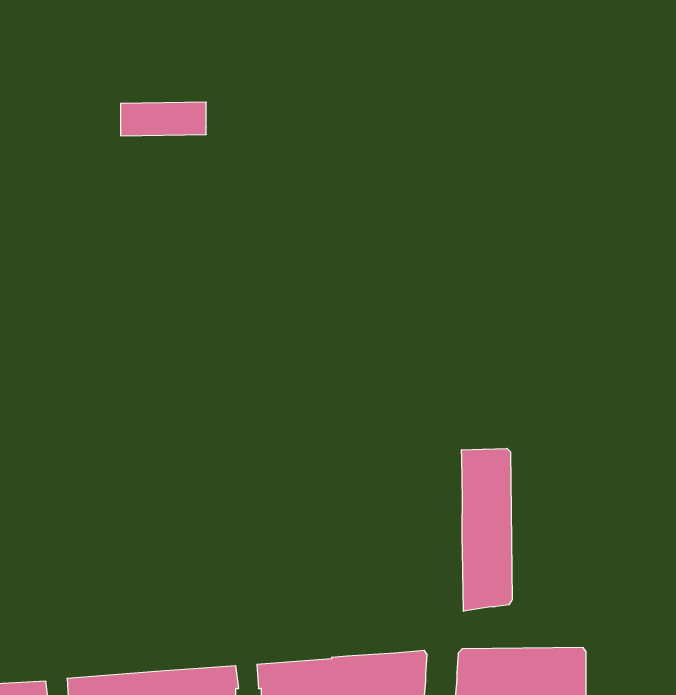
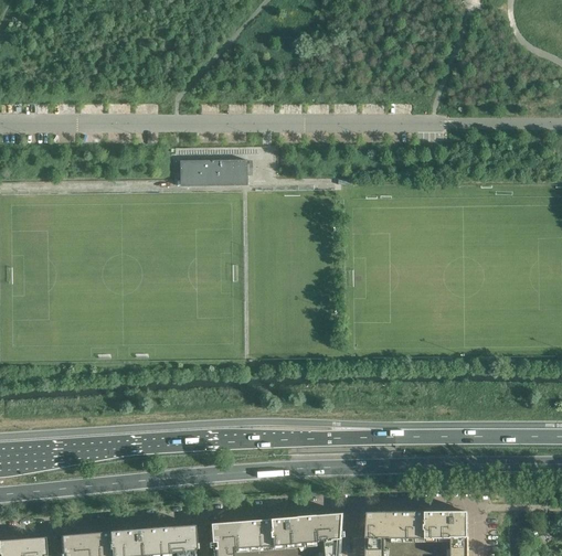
building: [121,102,206,136] -> [180,161,247,188]
building: [462,448,512,611] -> none

